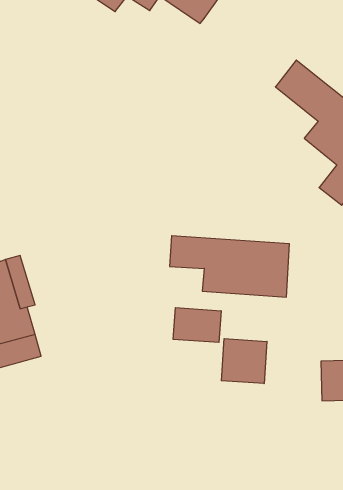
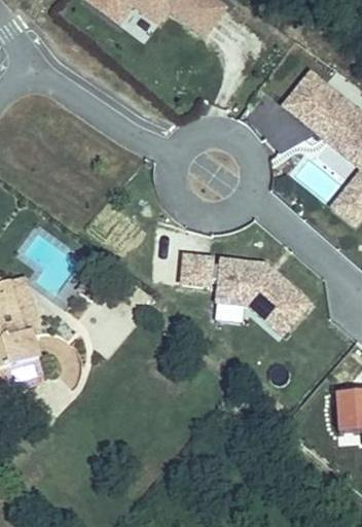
building: [173,308,221,342] -> none
building: [221,339,267,384] -> none

